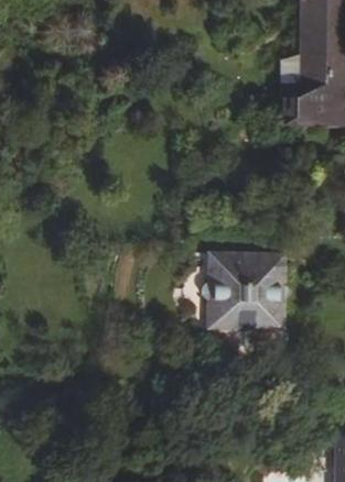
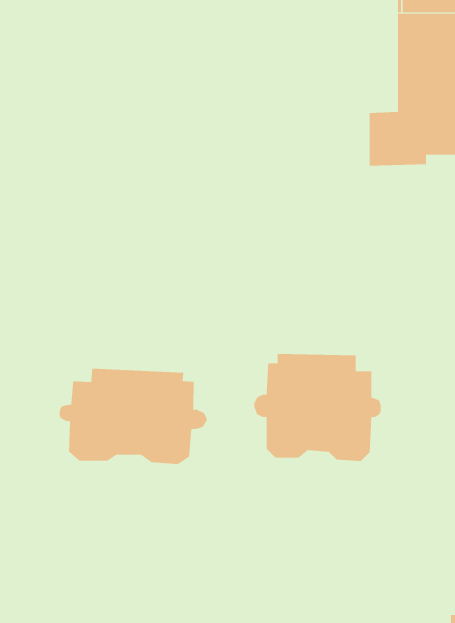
building: none -> [59,368,207,465]

